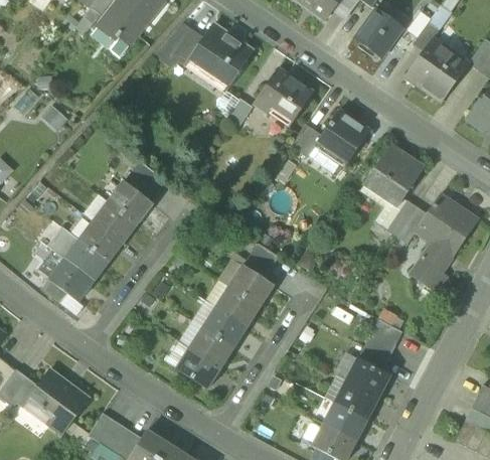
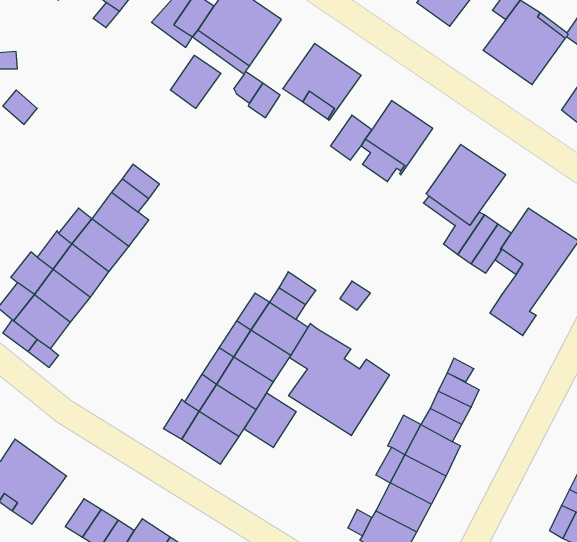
building: none -> [170,55,221,108]
building: none -> [289,323,389,436]
building: none -> [244,393,296,448]

